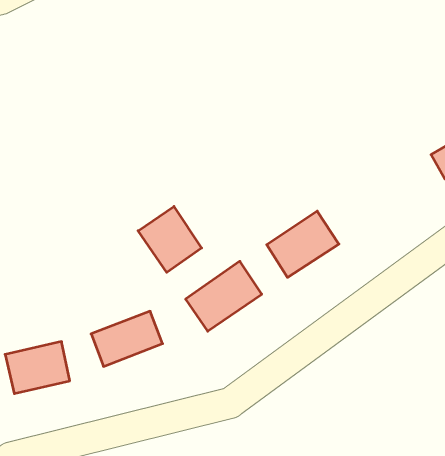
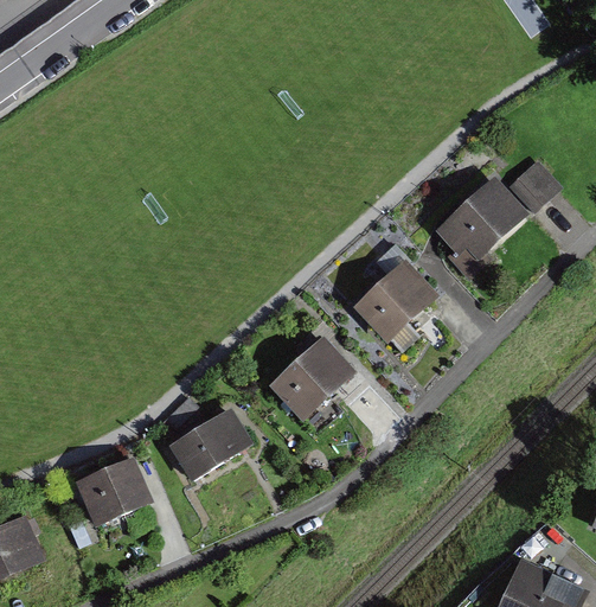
building: none -> [440,178,528,273]
building: [138,206,202,272] -> none

